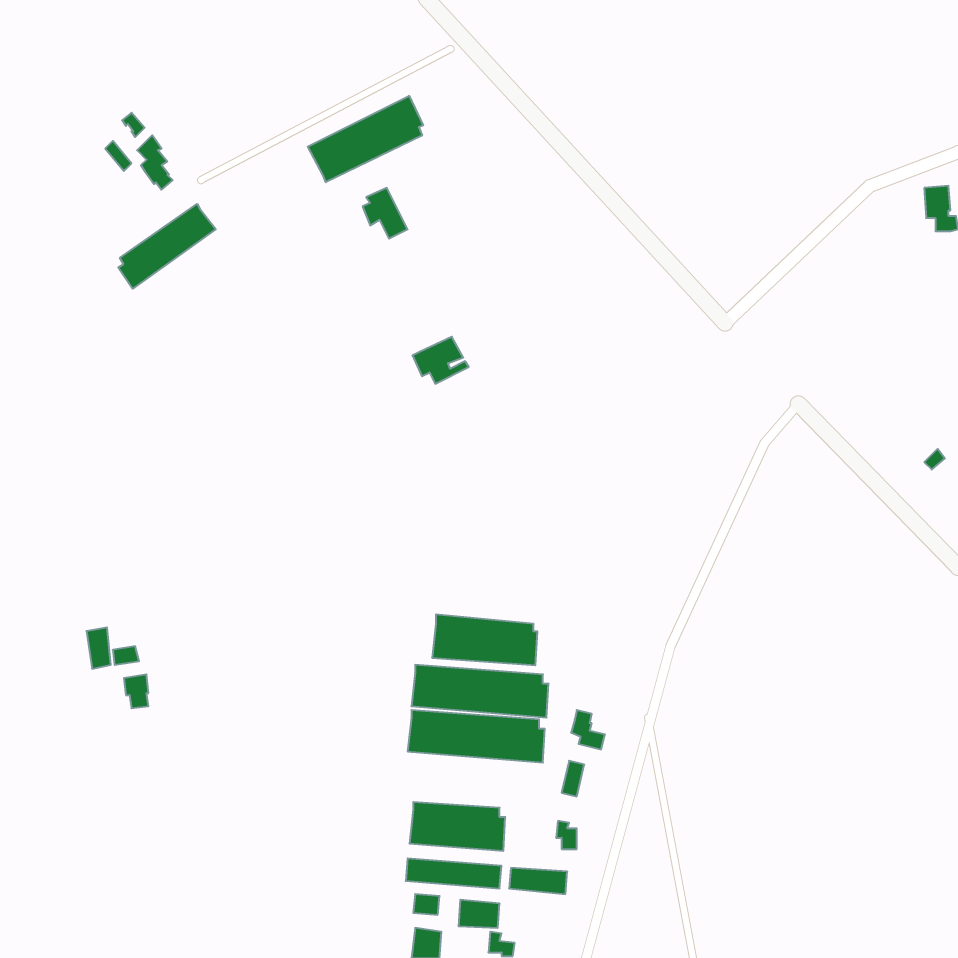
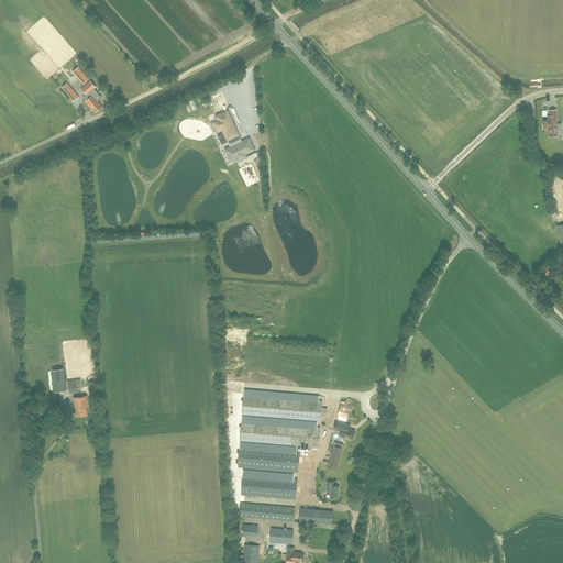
building: [308,96,423,182] -> none
building: [118,204,216,289] -> none
building: [412,337,469,384] -> [224,137,257,165]
building: [432,614,537,665] -> [236,441,298,471]

